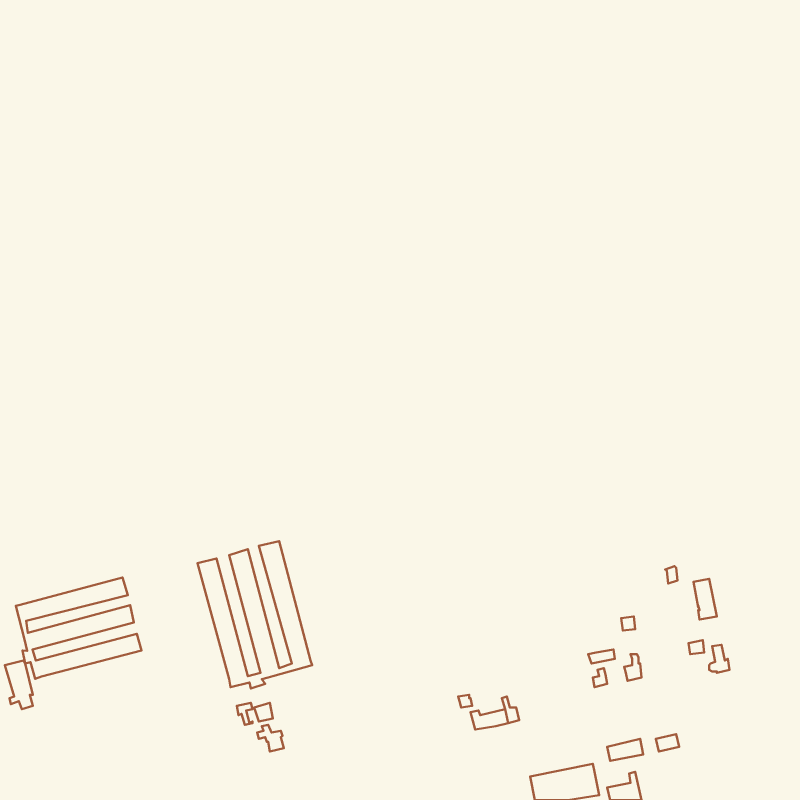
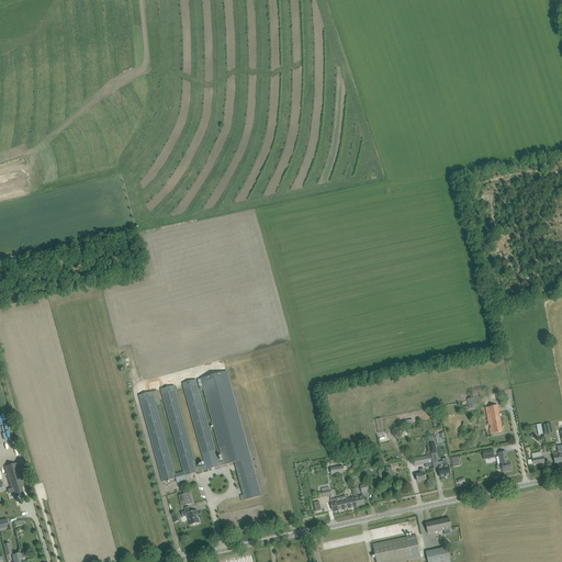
building: none -> [200,370,260,499]
building: [16,577,142,679] -> none

